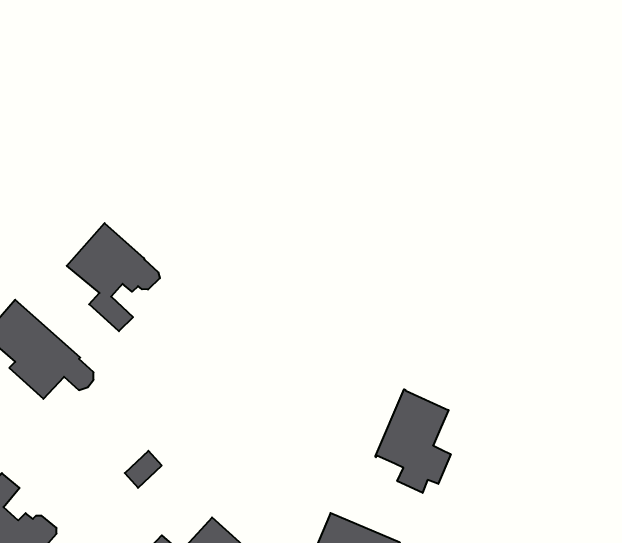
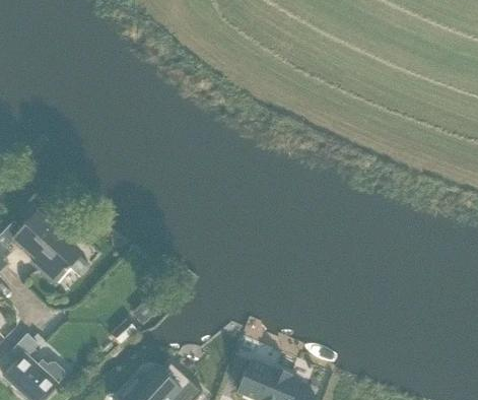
building: [67,223,160,331] -> none
building: [375,389,451,493] -> none

